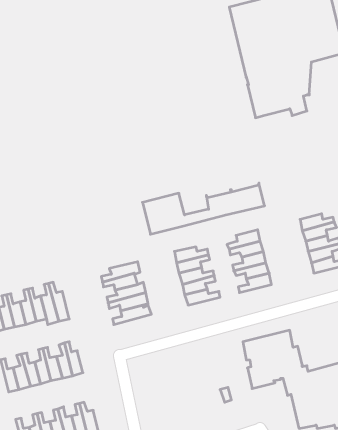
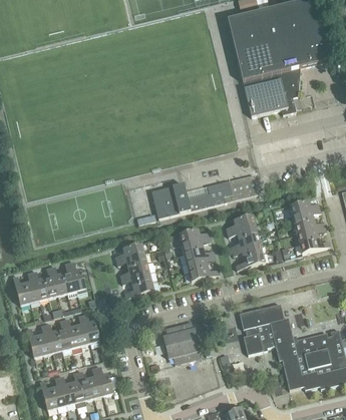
building: none -> [162,320,200,362]

